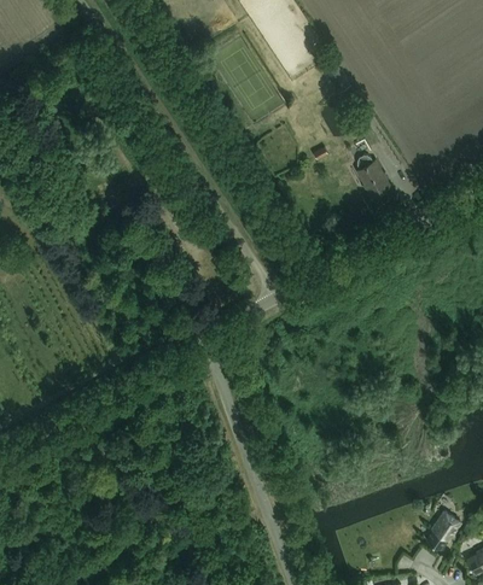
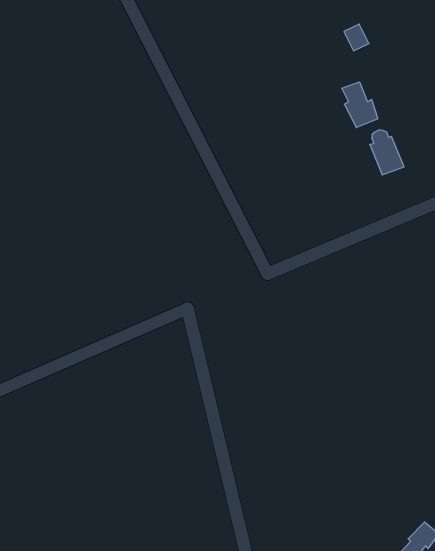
building: none -> [342,82,378,128]

